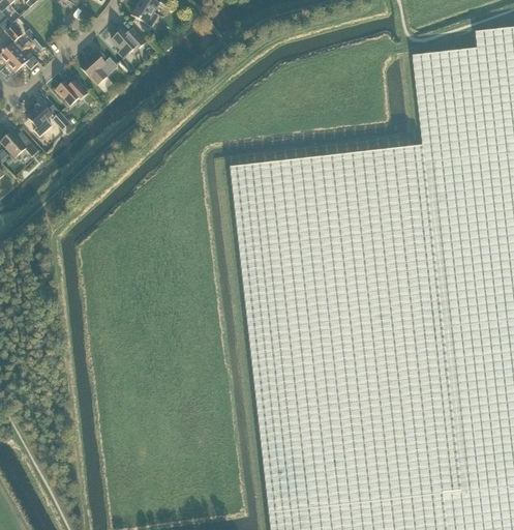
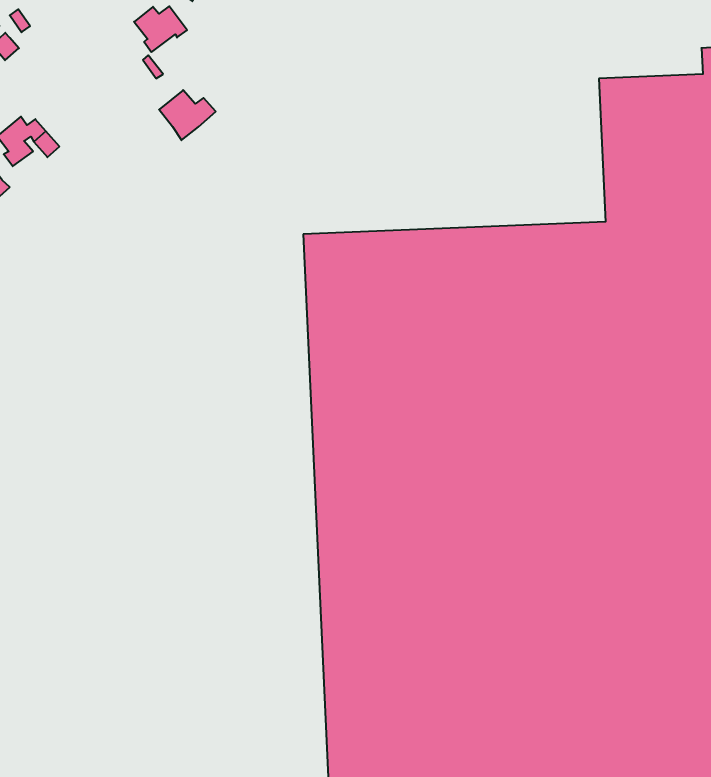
building: [83,53,119,85] -> [159,90,216,140]
building: [57,80,89,105] -> none

